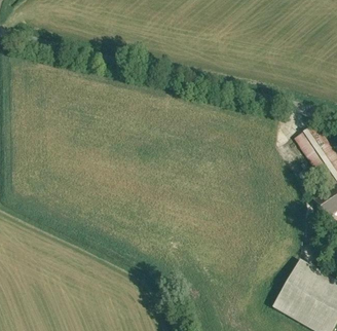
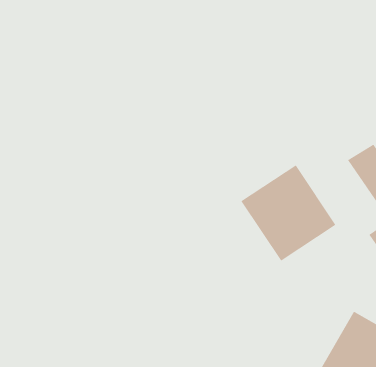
building: none -> [241,164,336,262]

